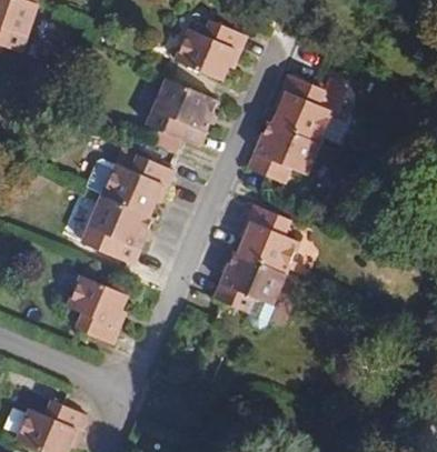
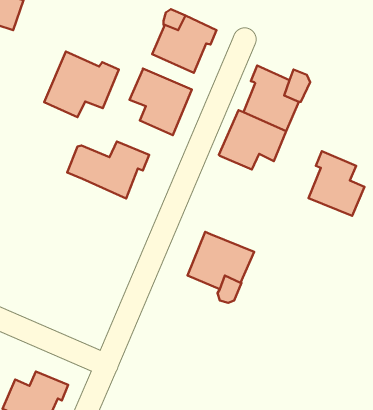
building: none -> [44,51,119,117]
building: [88,195,153,264] -> none
building: [239,204,299,273] -> [308,151,365,216]
building: [68,274,128,345] -> none

